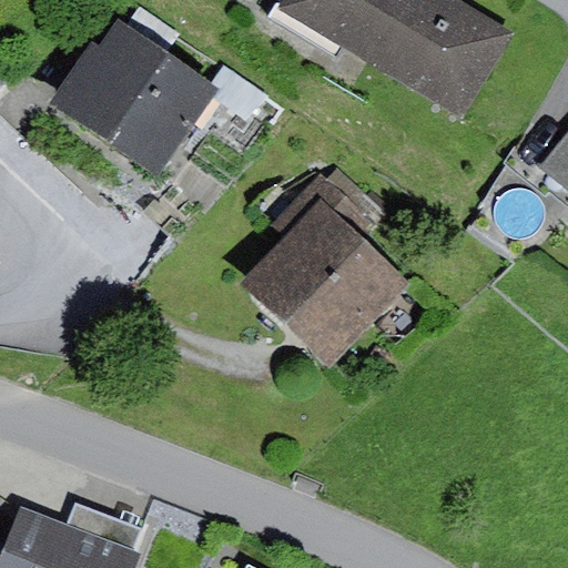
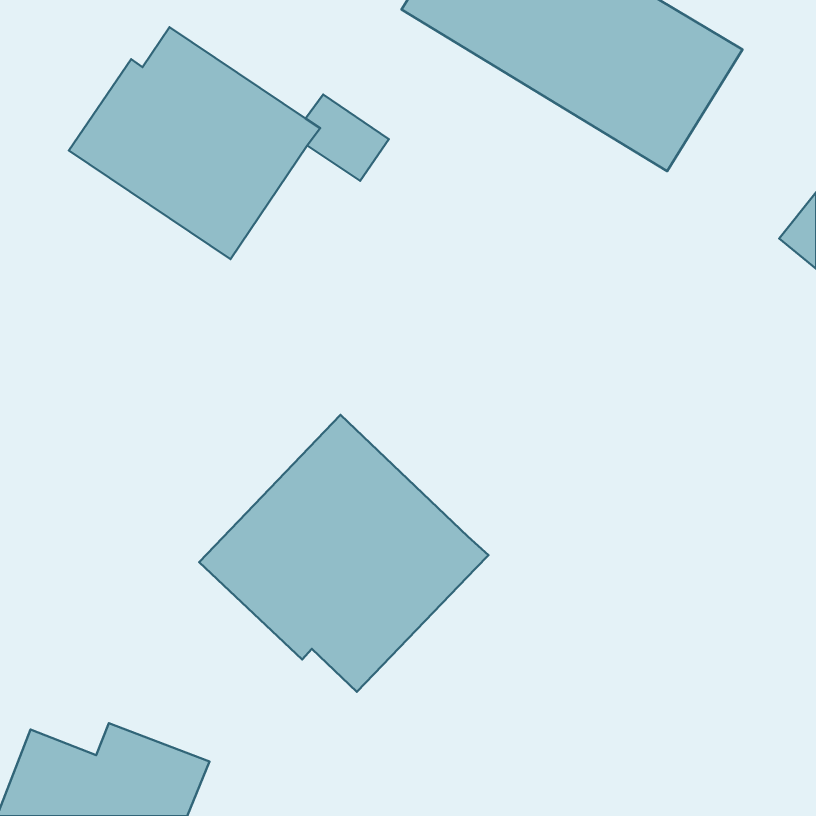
building: [239,172,408,366] -> none
building: none -> [199,415,488,692]

